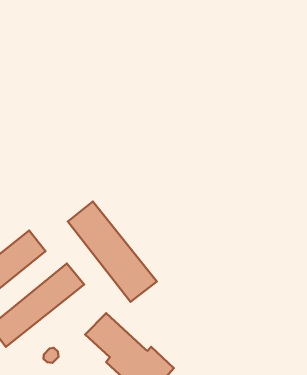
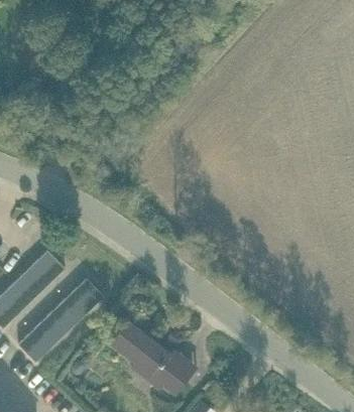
building: [68,201,157,302] -> none

